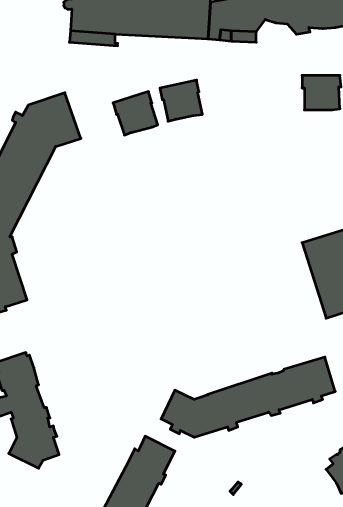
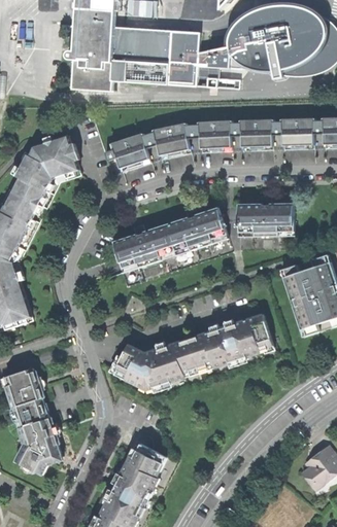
building: none -> [238,119,273,150]
building: none -> [197,120,231,152]
building: none -> [237,198,292,236]
building: none -> [112,209,227,272]
building: [161,357,335,437] -> [114,314,271,386]

